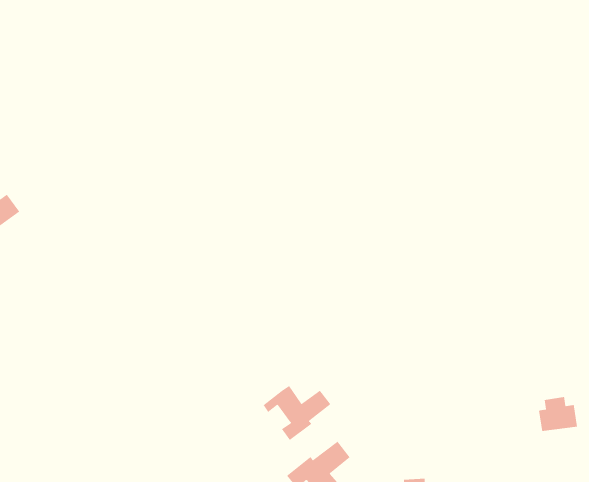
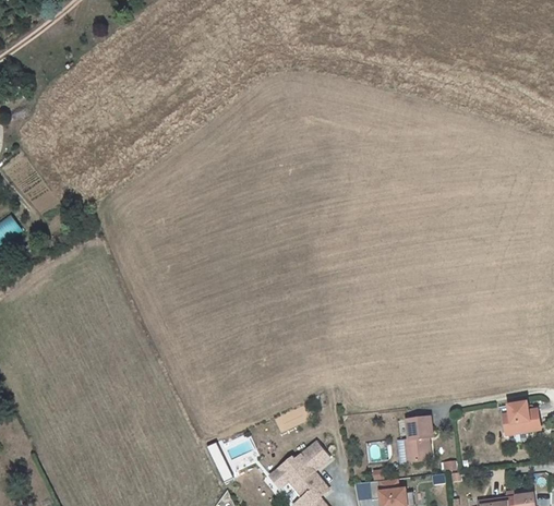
building: [263,385,331,441] -> none
building: none -> [397,415,432,461]

